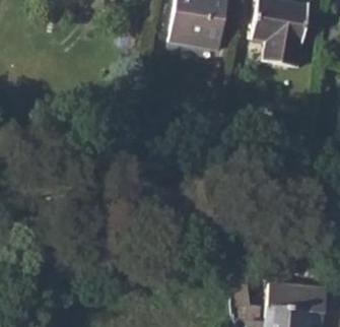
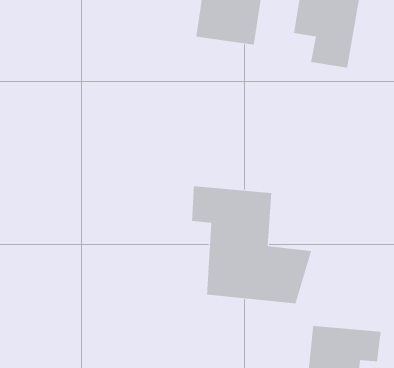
building: none -> [192,186,312,304]

